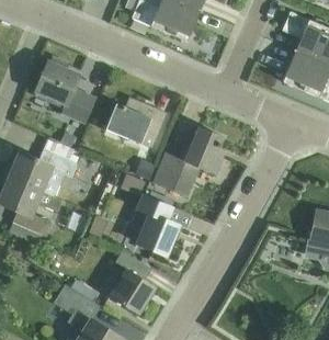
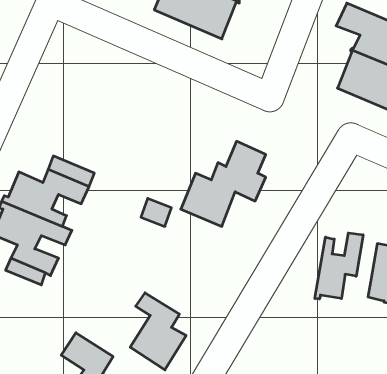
building: [35,57,94,123] -> none
building: [105,98,167,148] -> none
building: [132,195,178,256] -> none
building: none -> [315,233,363,299]

